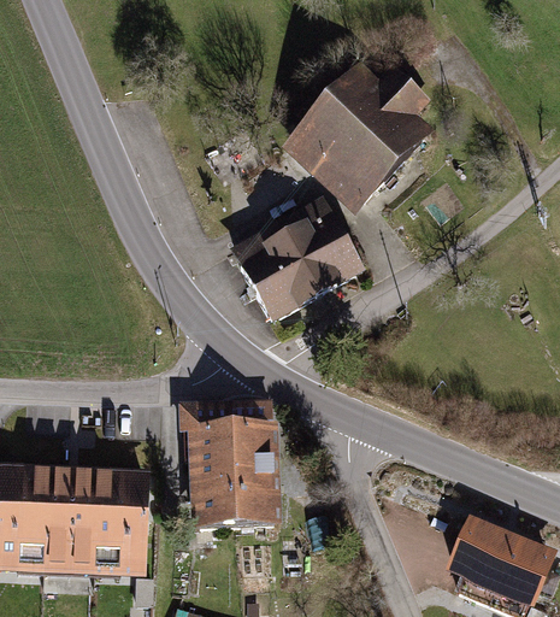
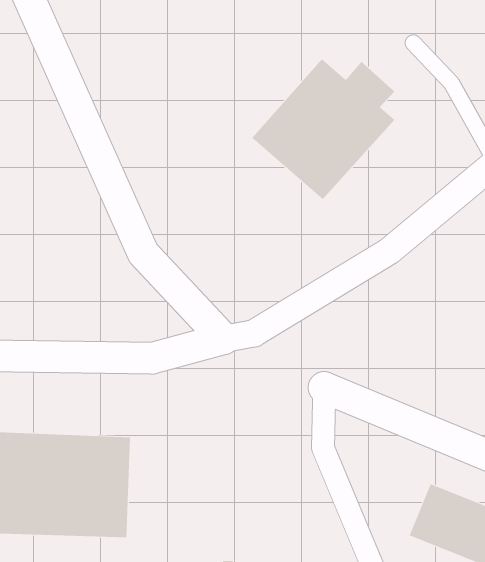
building: [229,194,364,321] -> none
building: [178,396,283,527] -> none

